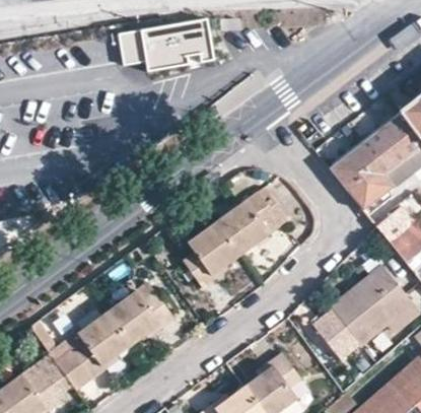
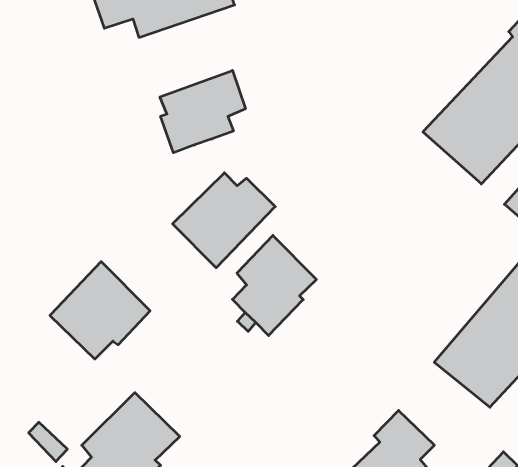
building: none -> [160,70,245,153]
building: [217,192,288,255] -> [173,173,275,268]
building: [107,280,174,345] -> [50,262,150,359]

